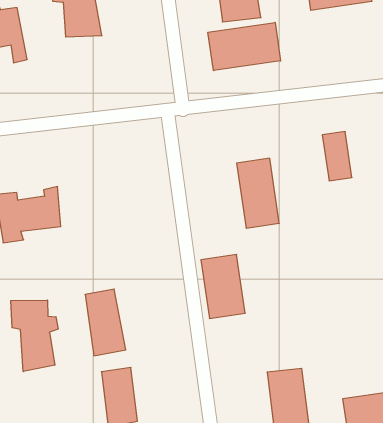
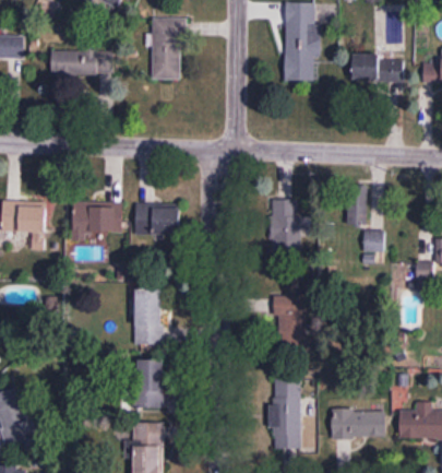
building: [208,22,281,71] -> none
building: none -> [366,232,386,255]
building: none -> [130,198,177,235]
building: [201,254,245,318] -> [278,296,309,346]
building: [11,300,58,372] -> none

